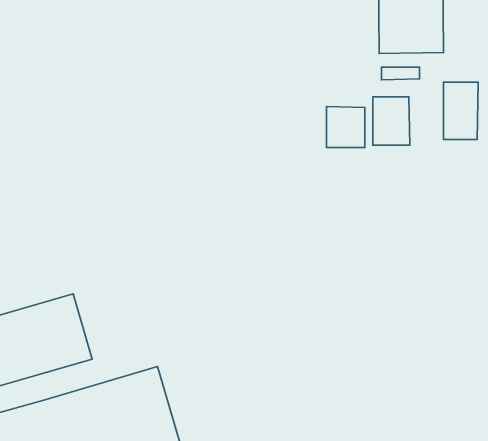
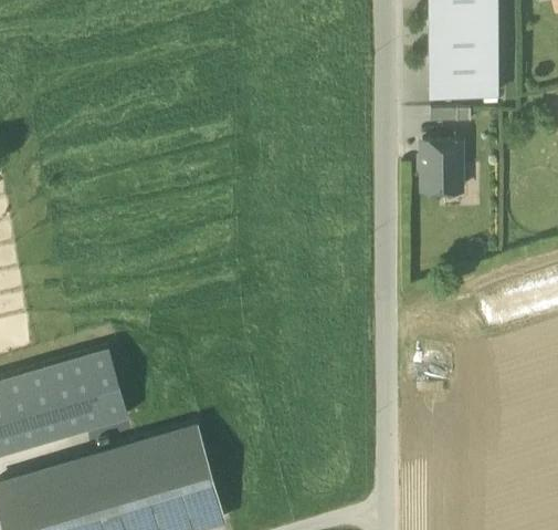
building: [443,82,478,139] -> none
building: [327,106,365,147] -> none

